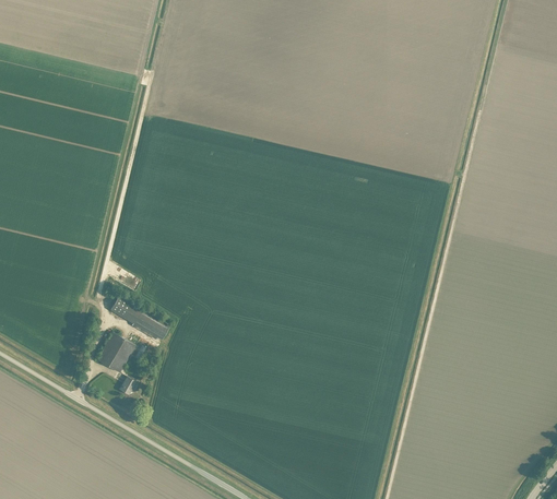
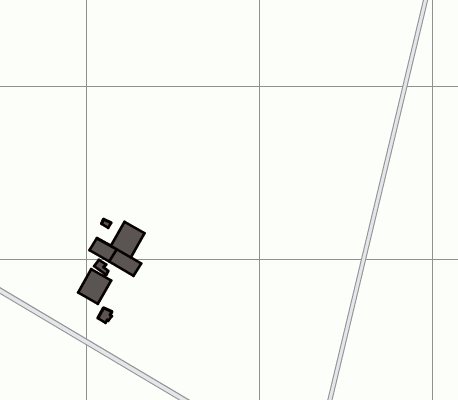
building: none -> [111,222,144,257]

